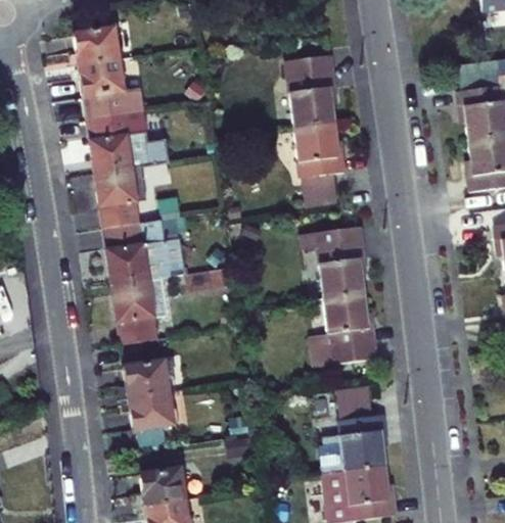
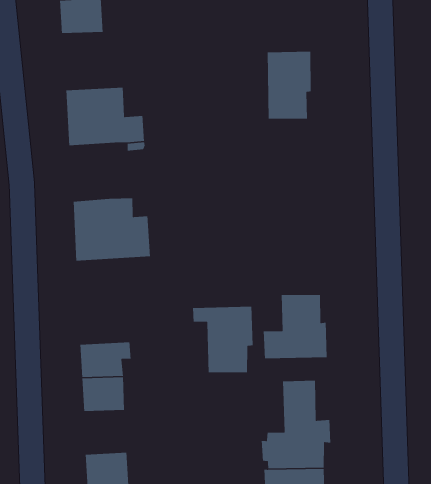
building: [81,61,146,121] -> none
building: [289,127,340,216] -> none
building: [98,168,147,228] -> none
building: [296,230,360,299] -> [192,306,254,373]
building: [116,275,189,343] -> none

